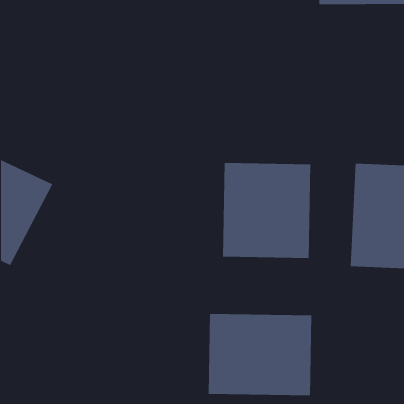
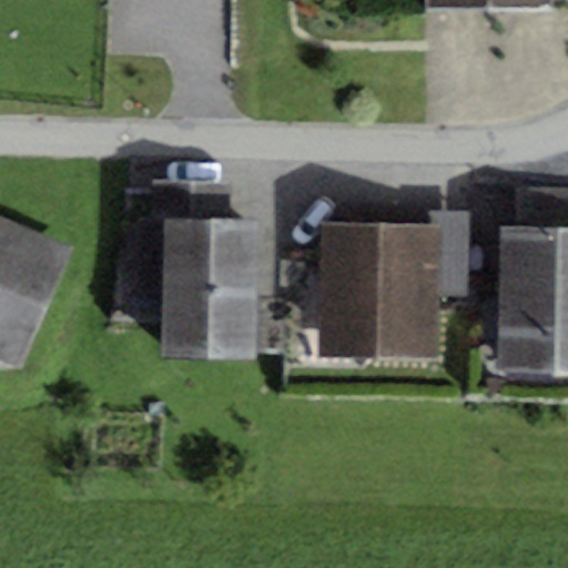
building: none -> [156,215,255,356]
building: [208,313,312,396] -> none

